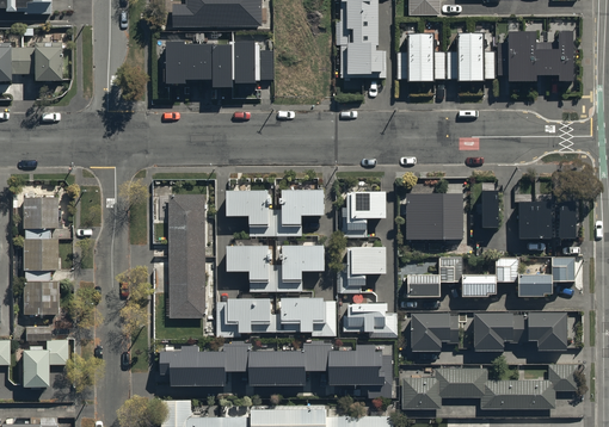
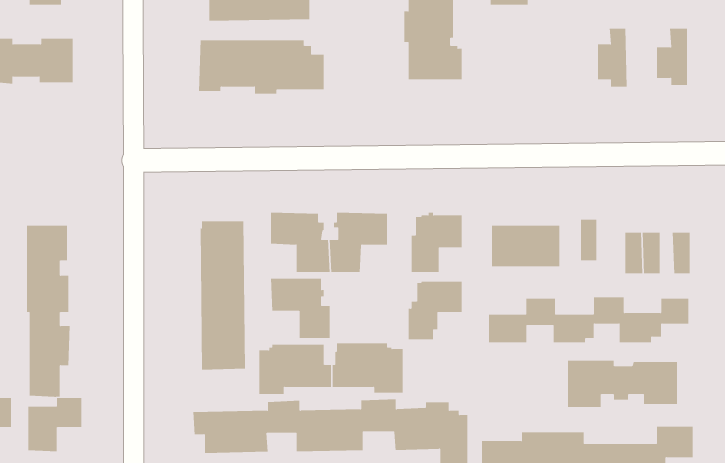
building: [396,31,494,79] -> none
building: [522,33,547,82] -> none
building: [276,242,324,291] -> none
building: [344,299,398,335] -> none
building: [411,309,457,348] -> none

